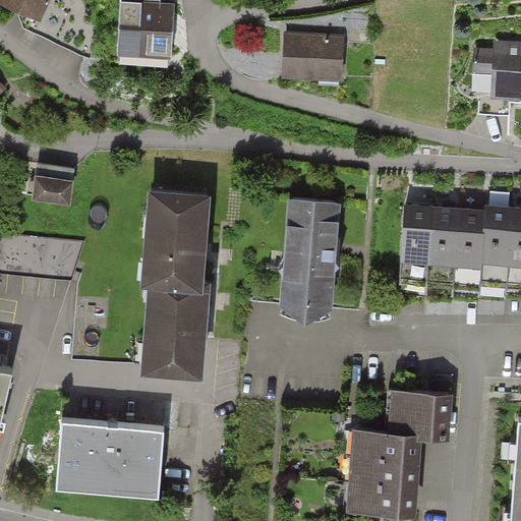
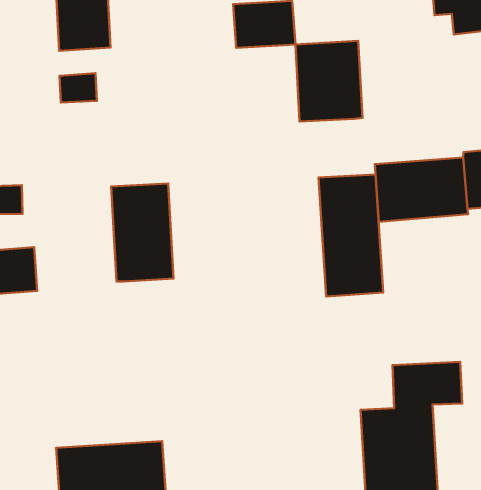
building: none -> [59,73,97,103]
building: none -> [295,41,362,122]
building: [275,198,337,313] -> [319,174,383,296]
building: [143,279,209,371] -> none

